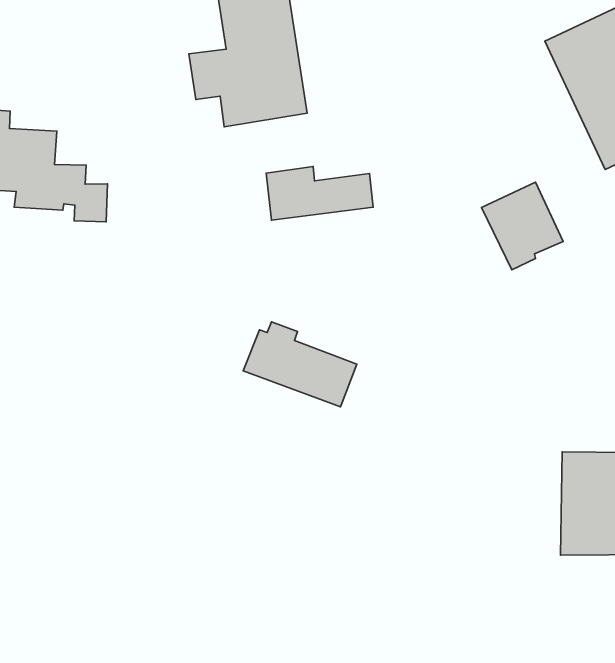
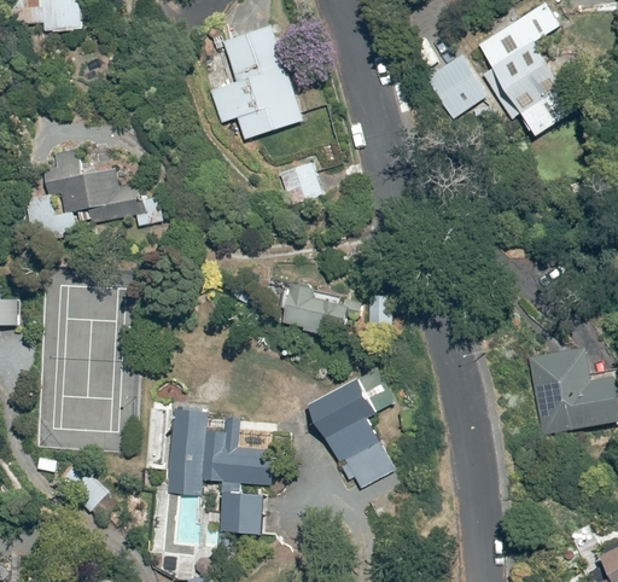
building: [482,182,563,270] -> [424,52,489,121]
building: none -> [311,386,395,472]
building: none -> [163,414,267,535]

